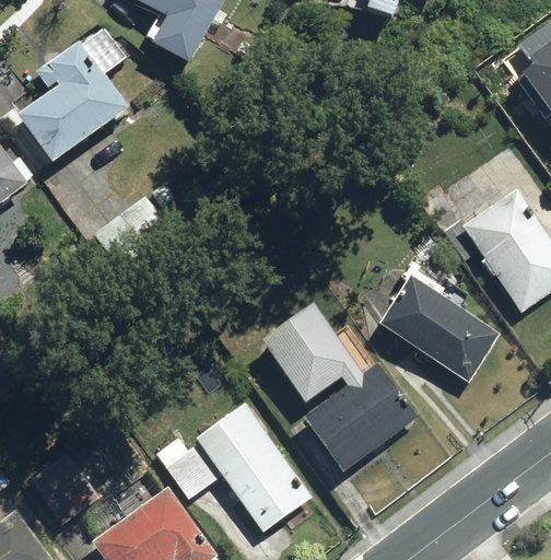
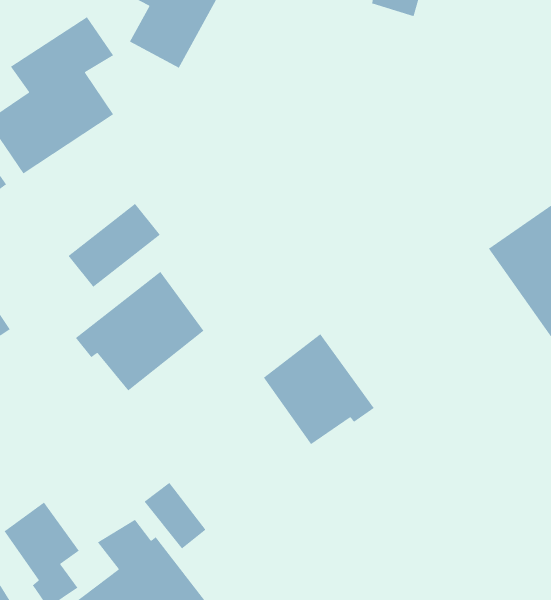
building: none -> [75,271,204,391]
building: [380,260,496,377] -> none
building: [292,371,409,482] -> none
building: [197,402,315,535] -> none

